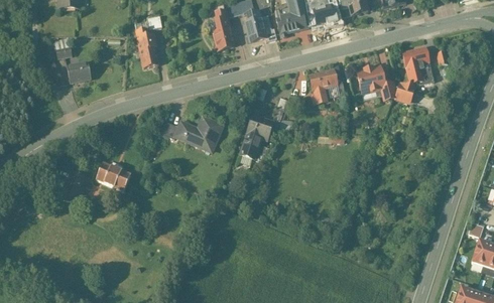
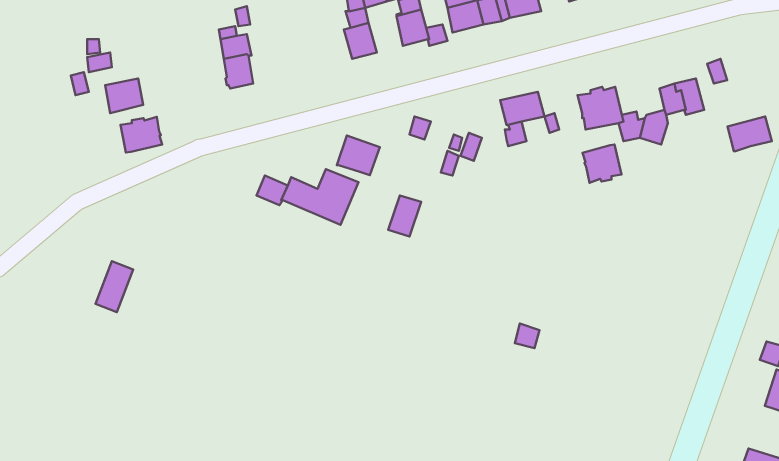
building: [401,46,428,67] -> [727,116,772,151]
building: none -> [120,117,162,152]
building: none -> [582,144,622,183]
building: [246,115,272,139] -> [337,136,380,175]
building: [96,162,129,189] -> none

